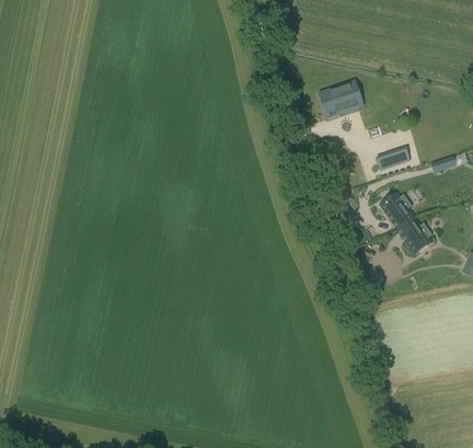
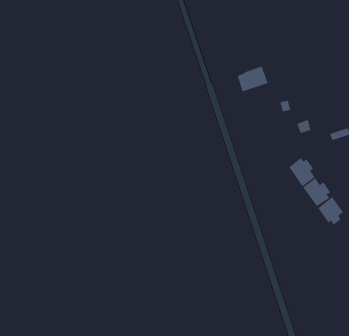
building: none -> [318,196,344,225]

